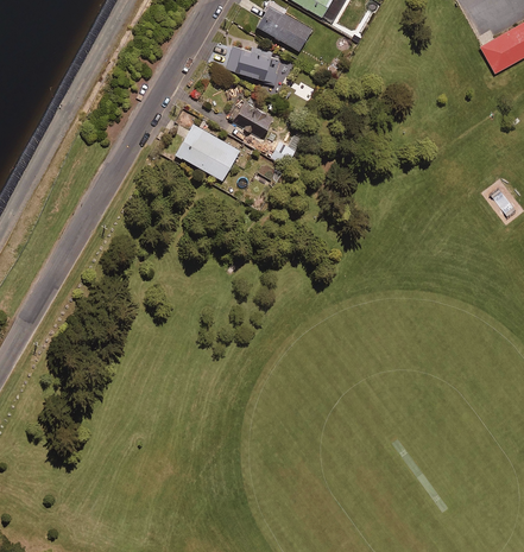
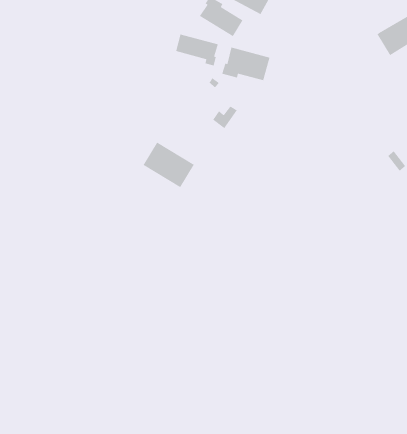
building: none -> [221,47,270,81]
building: [228,97,271,141] -> none
building: [175,122,240,180] -> [143,142,195,188]

